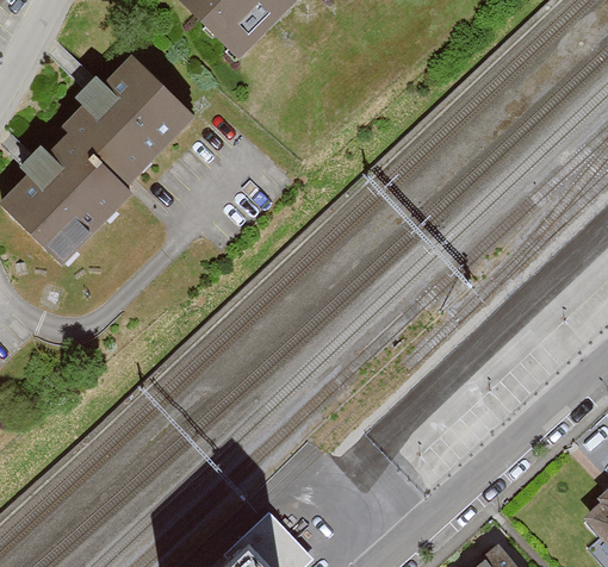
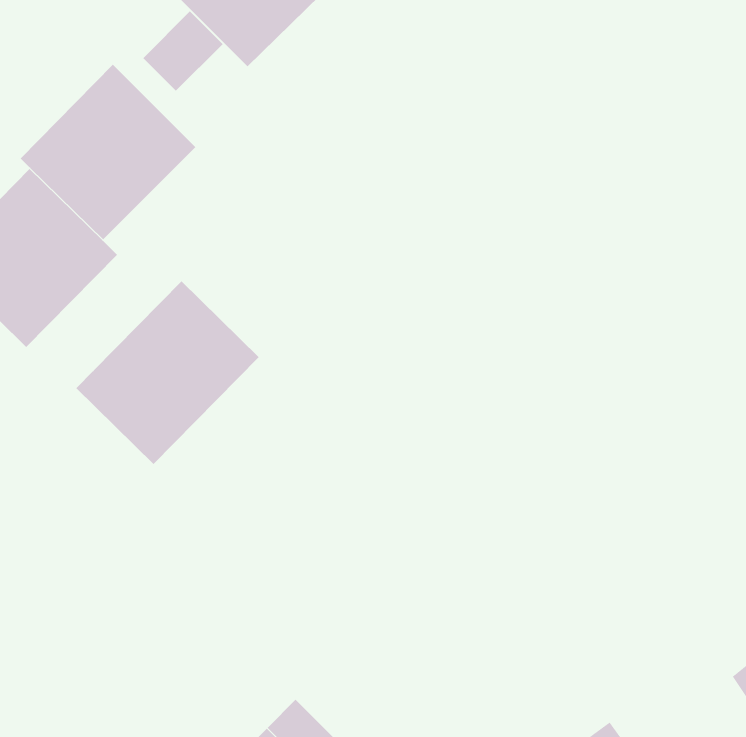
building: none -> [142,11,223,92]
building: none -> [75,280,259,465]

